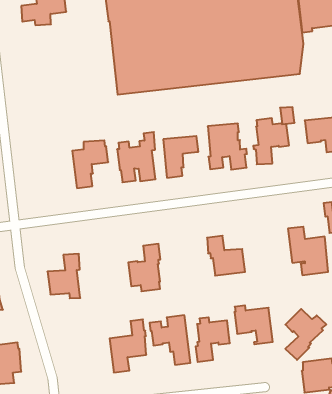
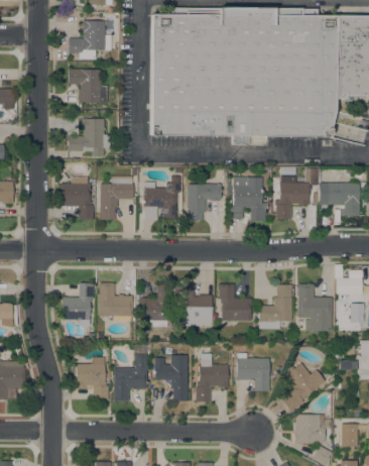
building: none -> [70,69,109,102]
building: none -> [69,118,111,156]
building: none -> [62,176,94,220]
building: none -> [259,284,293,329]
building: none -> [179,283,213,326]
building: none -> [100,282,133,316]
building: none -> [77,357,109,400]

